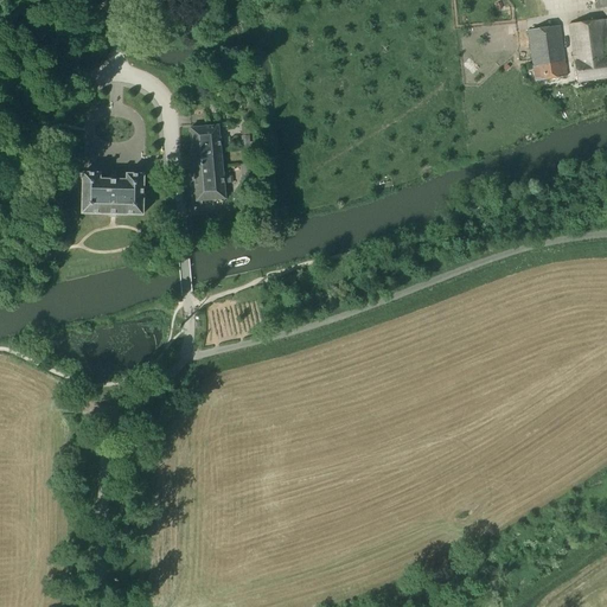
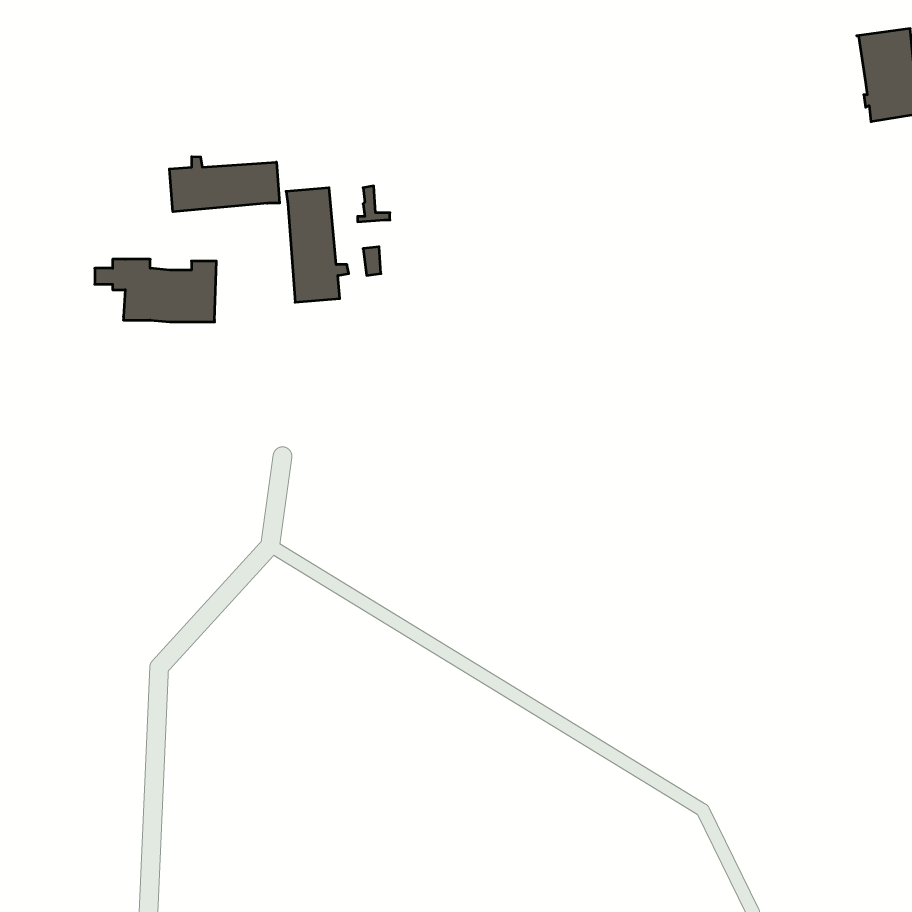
building: [529,25,568,79] -> none
building: none -> [169,157,280,212]

